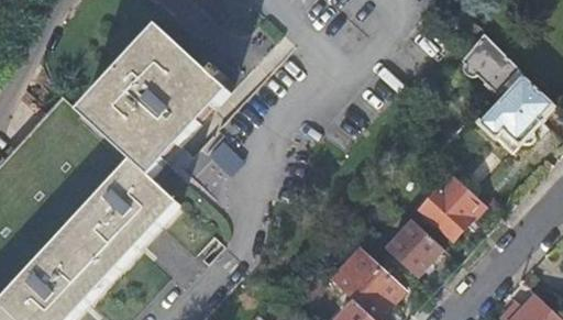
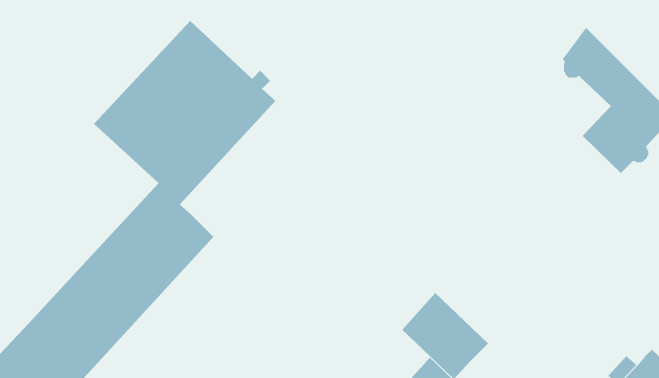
building: [420,174,483,238] -> none
building: [387,219,442,274] -> none

